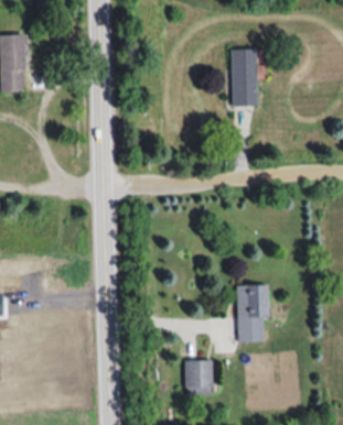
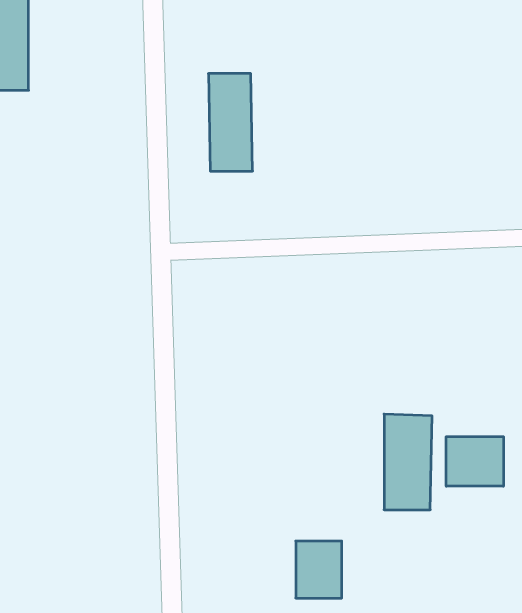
building: [232,48,258,107] -> [208,74,253,171]
building: none -> [446,437,503,486]

